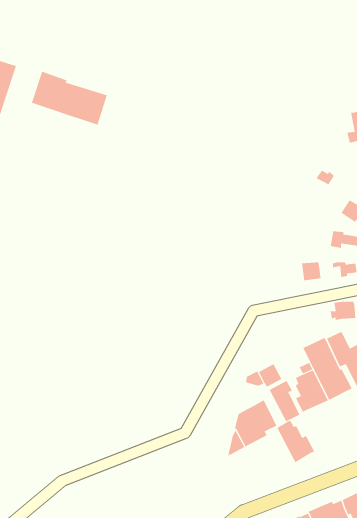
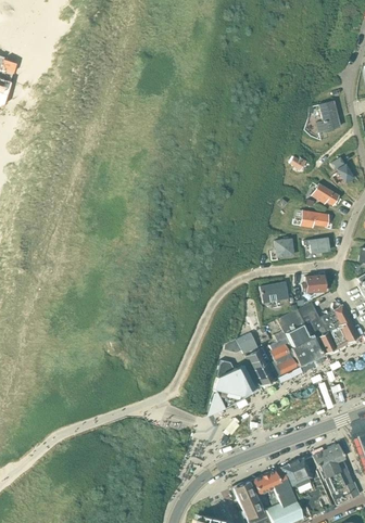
building: [31,71,107,126] -> none
building: none -> [261,282,289,303]
building: [277,420,315,463] -> none

